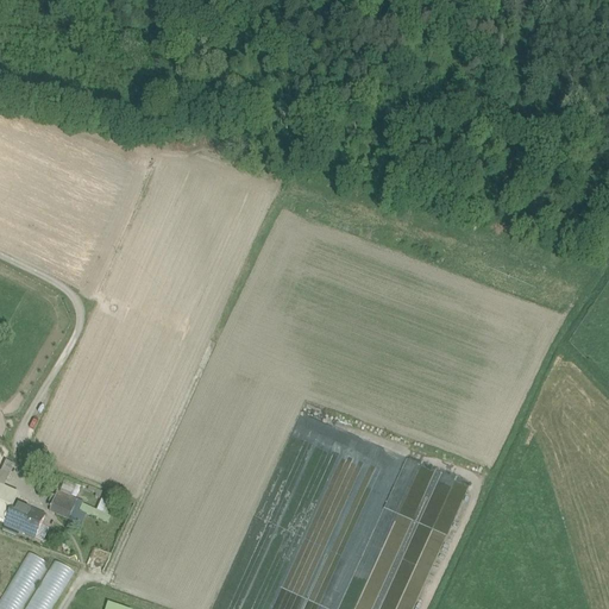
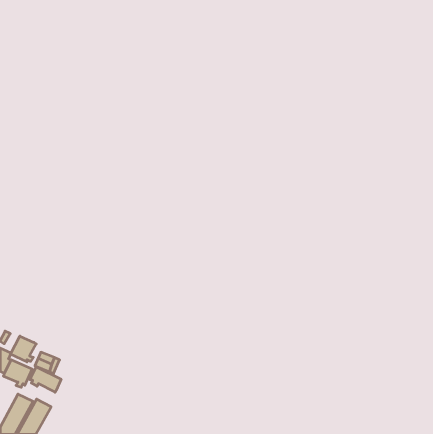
building: none -> [11,336,36,362]
building: none -> [30,367,61,392]

